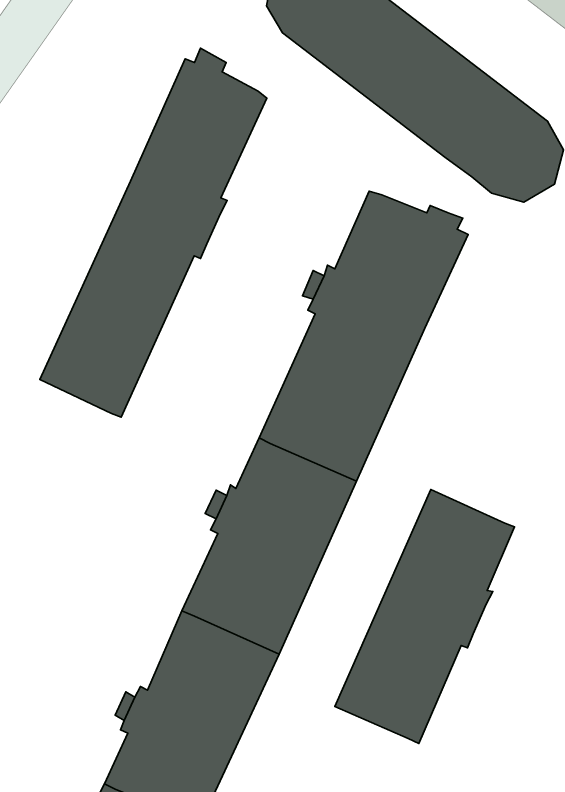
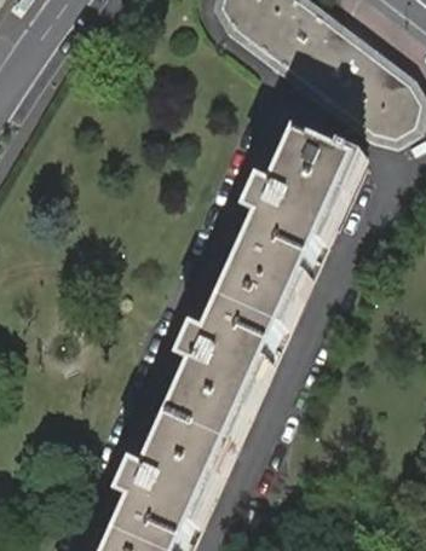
building: [40,48,267,417] -> none
building: [335,489,515,744] -> none

